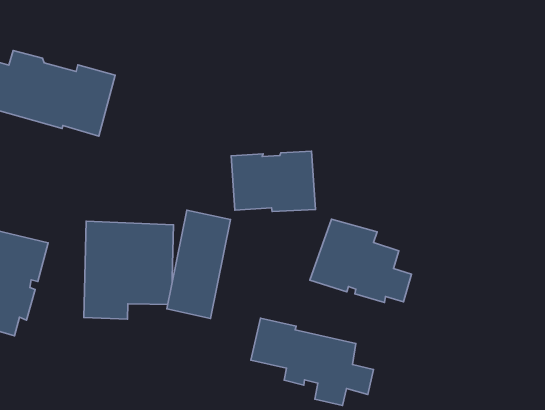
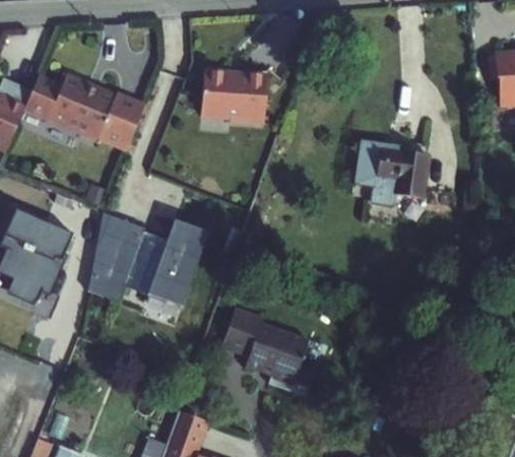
building: none -> [355,145,427,204]
building: [231,151,315,212] -> [199,71,266,123]
building: [310,219,411,303] -> none

